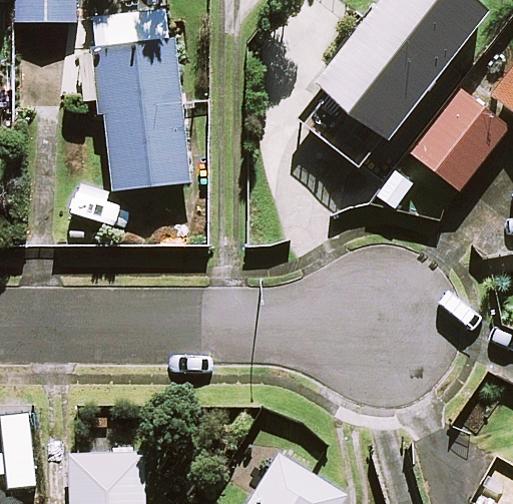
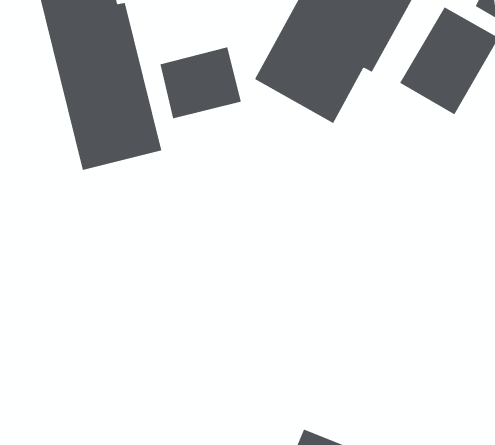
building: none -> [160,46,242,119]

